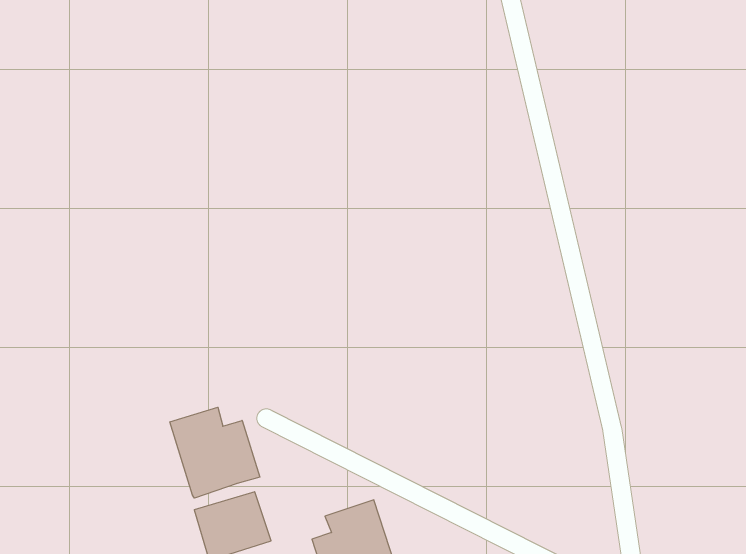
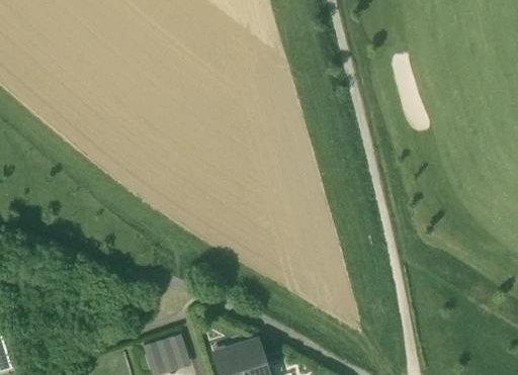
building: [170,407,260,498] -> none

